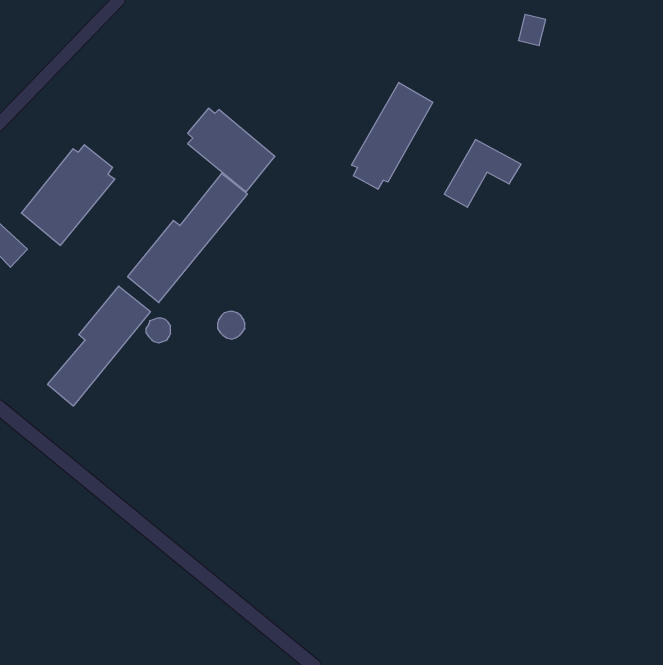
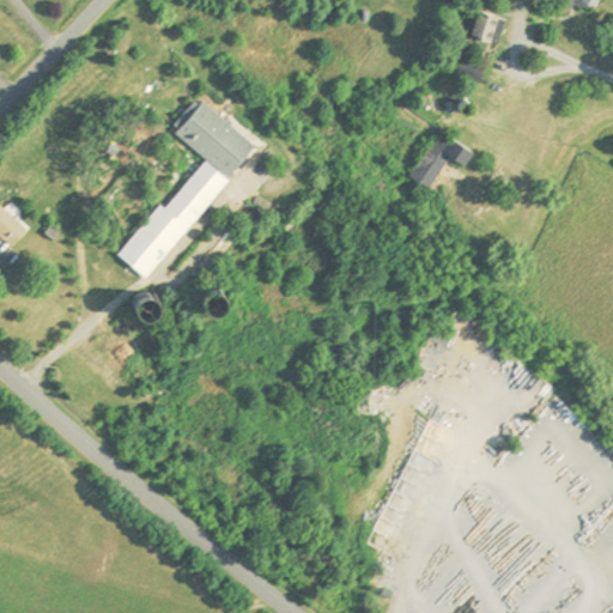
building: [352,82,433,189] -> none
building: [21,145,115,245] -> none
building: [48,286,150,406] -> none

